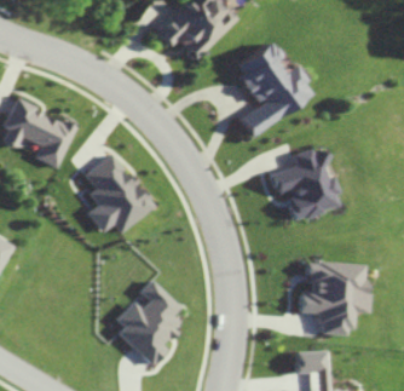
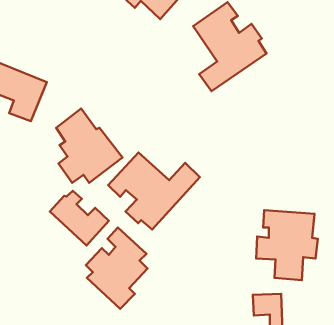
building: [266,149,331,222] -> none
building: none -> [108,153,200,229]
building: none -> [50,191,109,246]

